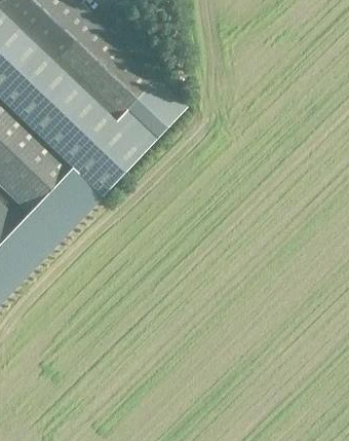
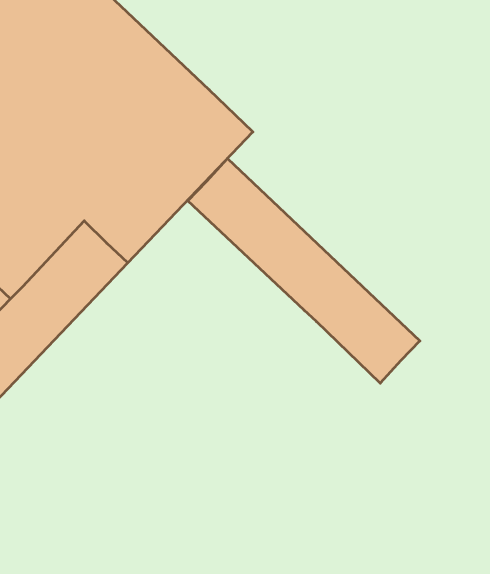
building: none -> [188,158,420,383]

